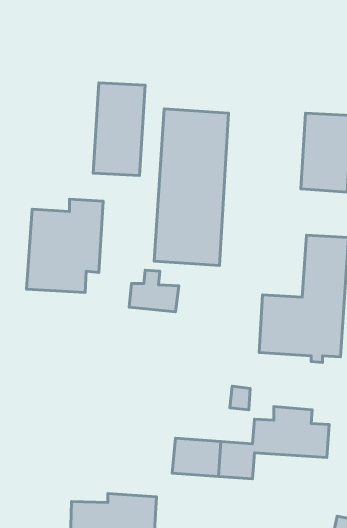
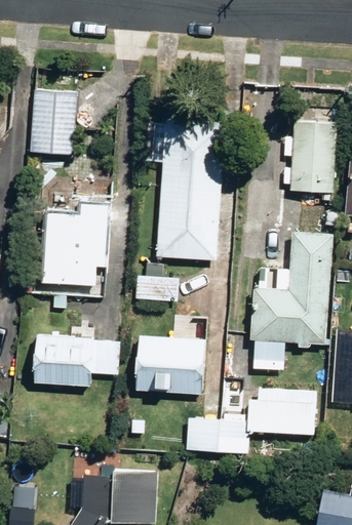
building: [93,83,145,175] -> [30,72,77,156]
building: none -> [32,334,117,386]
building: none -> [135,335,205,395]

